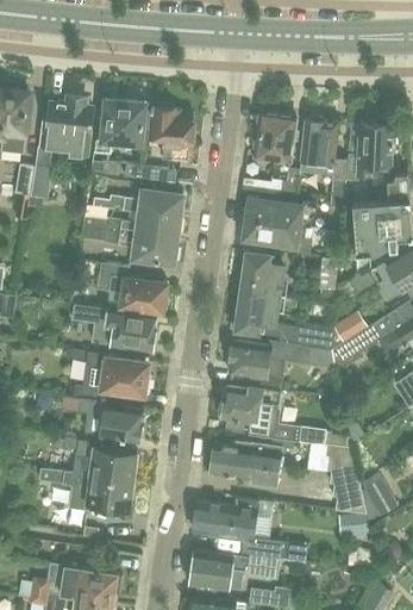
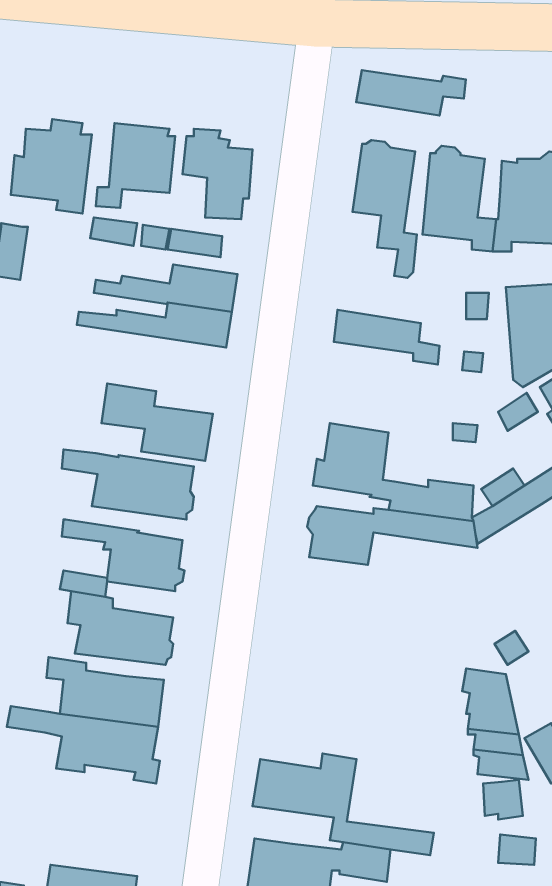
building: [246,198,315,226] -> [356,70,466,115]
building: [81,228,176,263] -> none
building: [239,251,283,295] -> none
building: [219,387,326,444] -> none
building: [209,442,281,487] -> none

